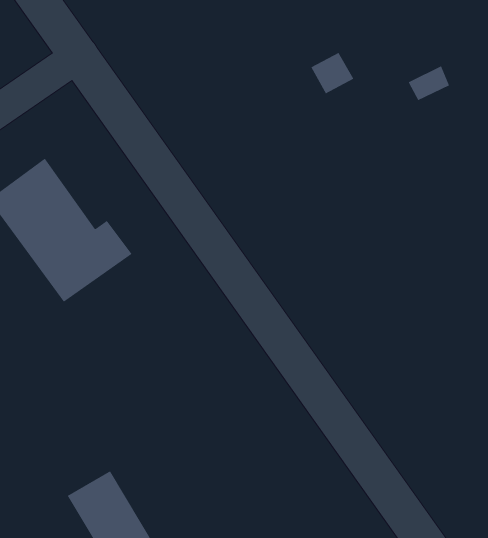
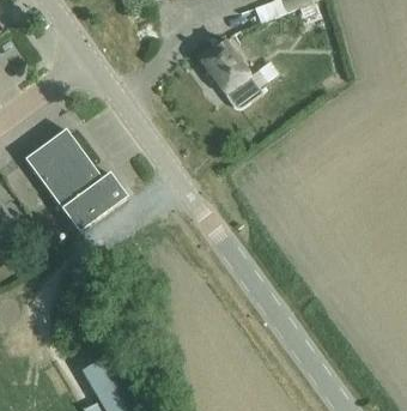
building: none -> [198,36,262,109]

